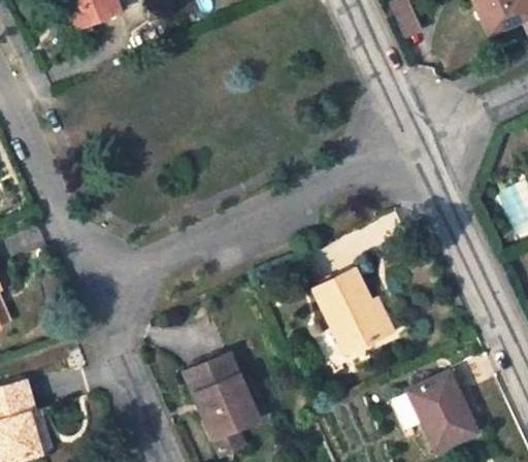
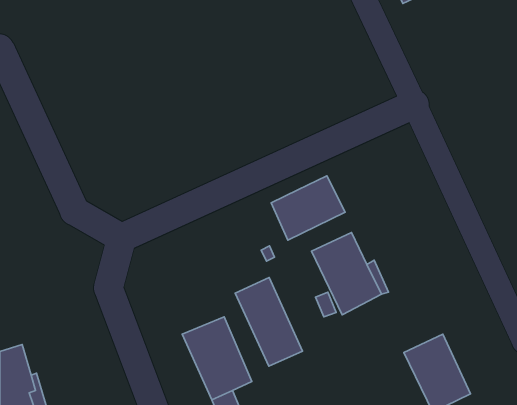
building: none -> [271,176,345,240]
building: none -> [235,277,302,366]

